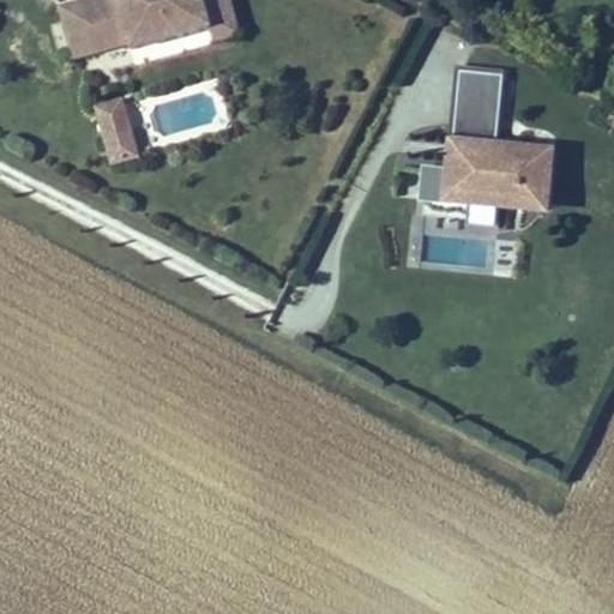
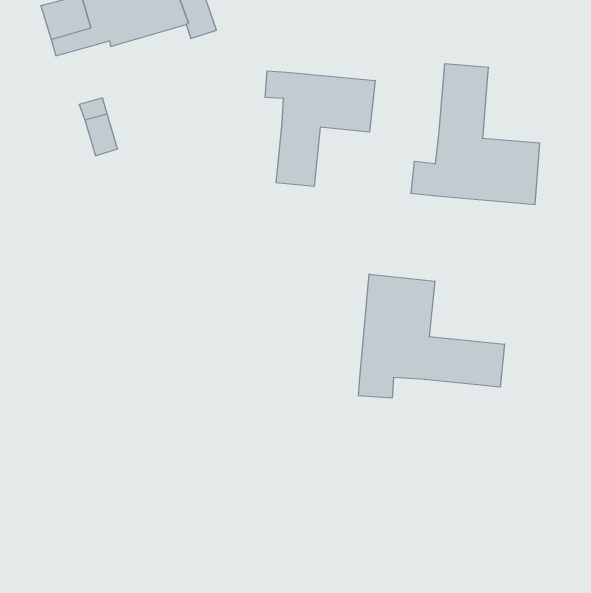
building: none -> [265,71,375,187]
building: none -> [358,274,505,398]

